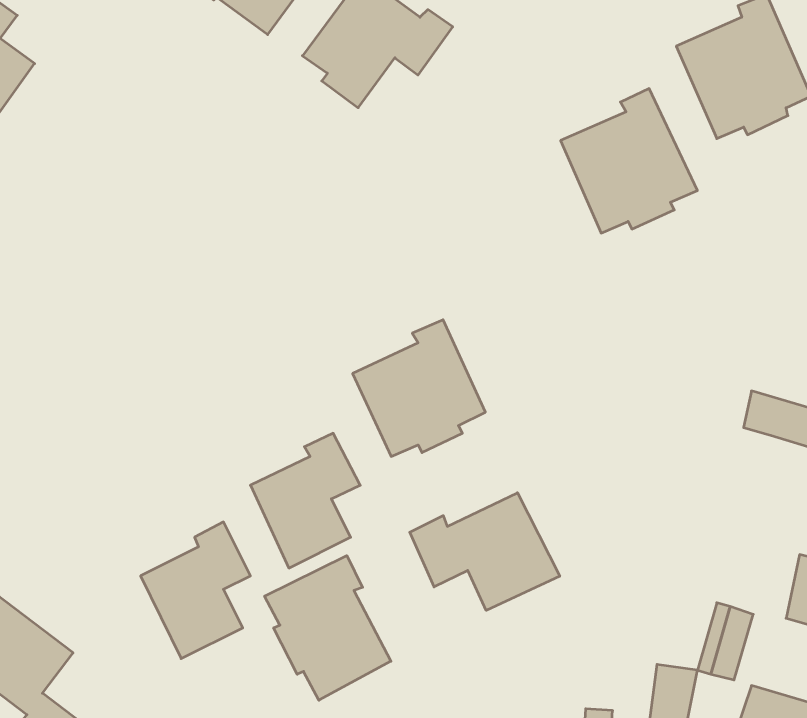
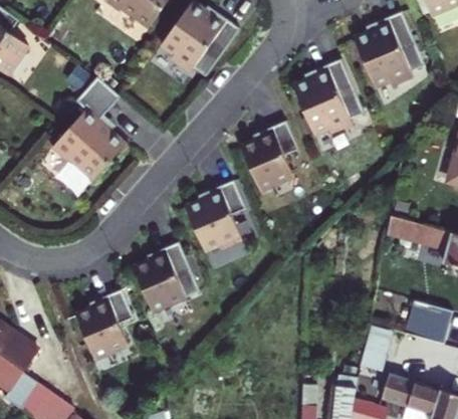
building: none -> [47,80,122,185]
building: none -> [241,121,298,191]
building: [410,493,560,610] -> none
building: [265,556,391,700] -> none

